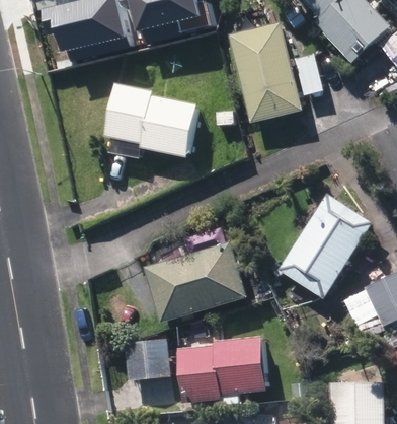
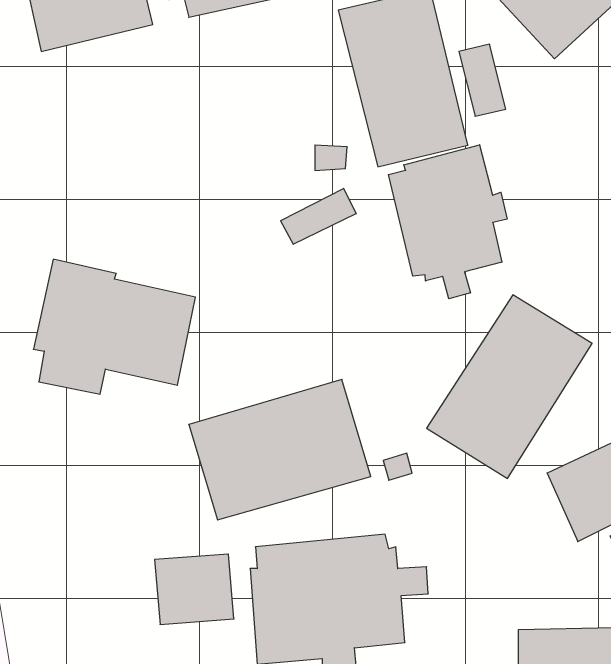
building: [103,84,194,160] -> [33,259,195,394]
building: none -> [388,145,507,299]

